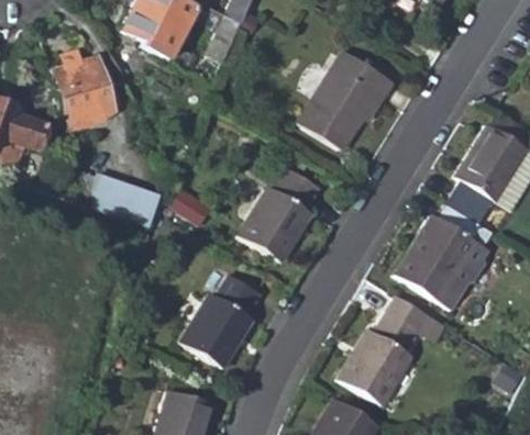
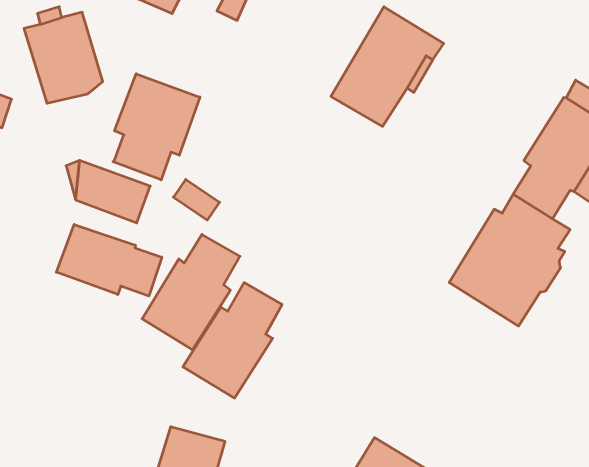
building: none -> [113,74,200,180]
building: [240,167,319,260] -> [142,234,240,350]
building: none -> [56,224,162,296]
building: [340,294,446,404] -> none

